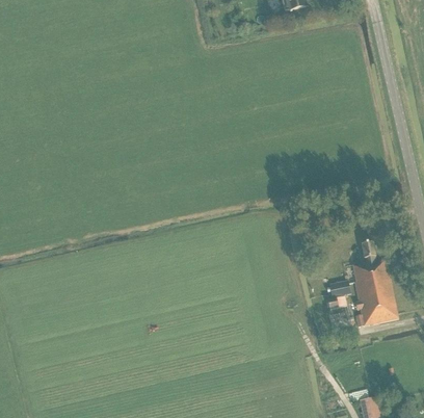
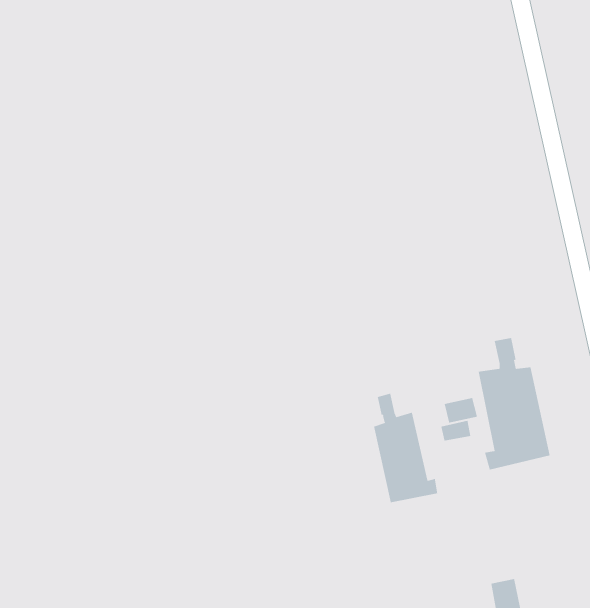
building: none -> [374,393,438,503]

